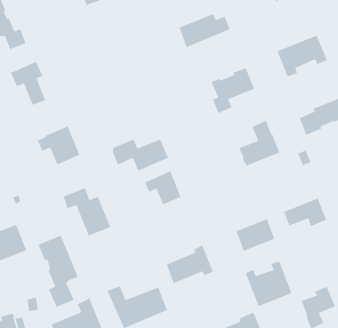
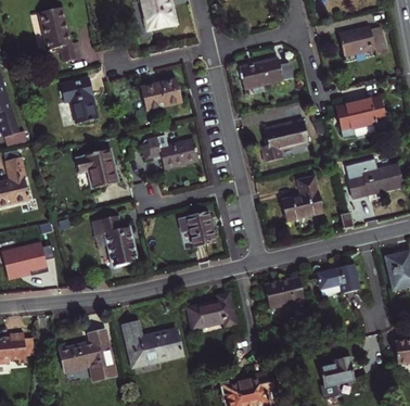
building: none -> [140,79,181,110]
building: [112,138,169,172] -> [140,134,197,168]
building: [37,234,79,308] -> none
building: [245,260,293,307] -> none

